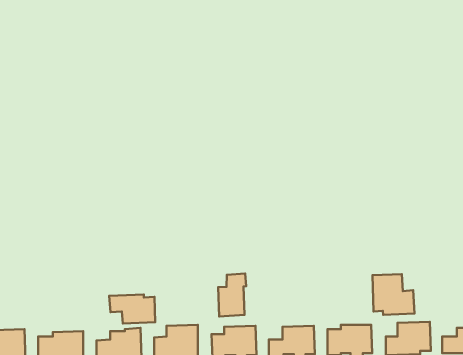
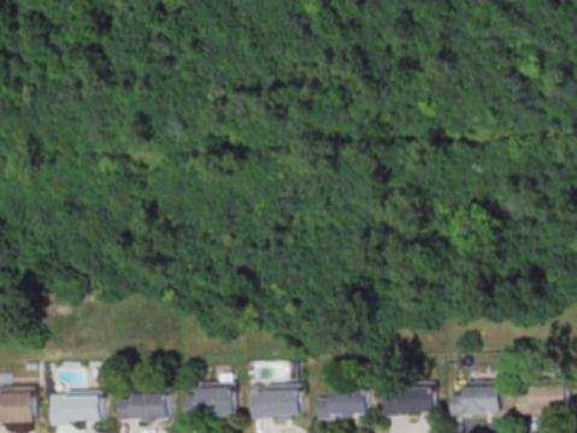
building: [218,274,246,317] -> none
building: [372,274,414,315] -> none
building: [109,295,155,323] -> none

